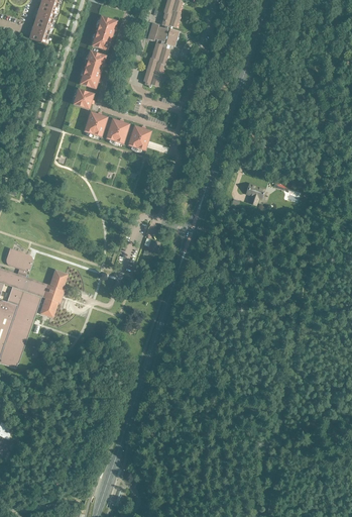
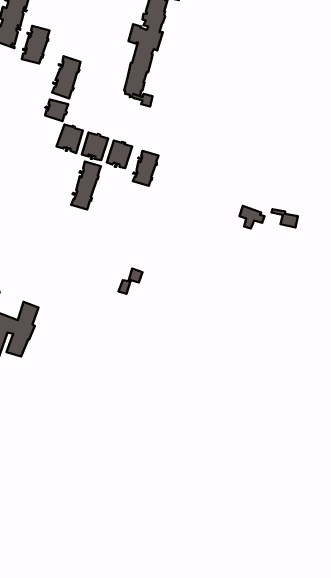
building: [92,17,116,50] -> [22,26,49,64]
building: none -> [133,151,158,186]
building: none -> [71,162,101,210]

